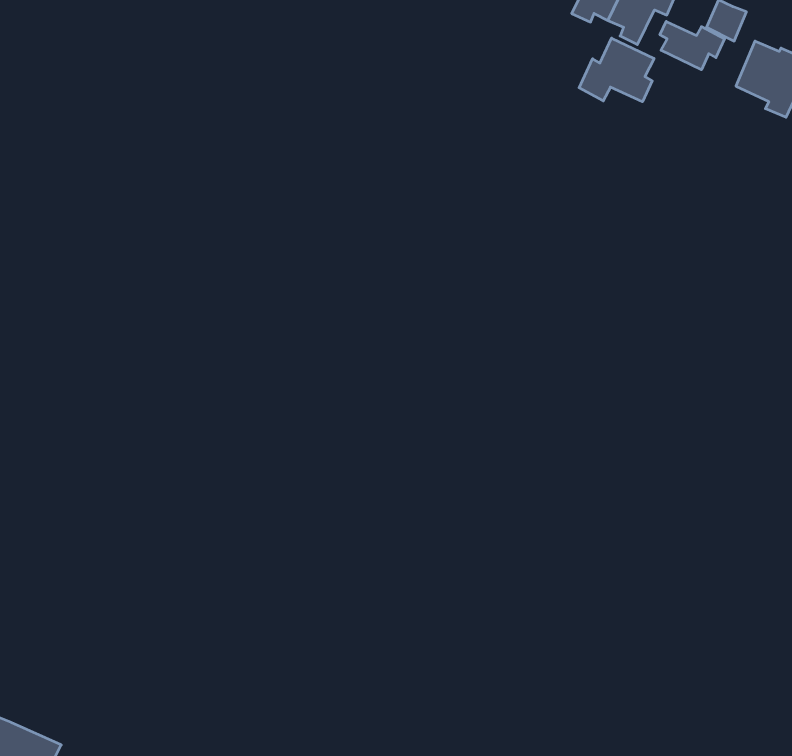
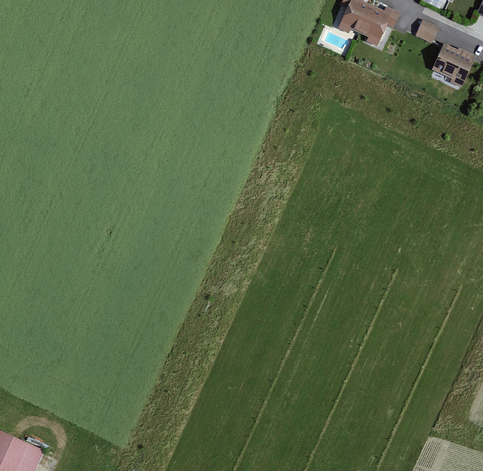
building: [660,21,725,70] -> none
building: [579,38,654,102] -> none

